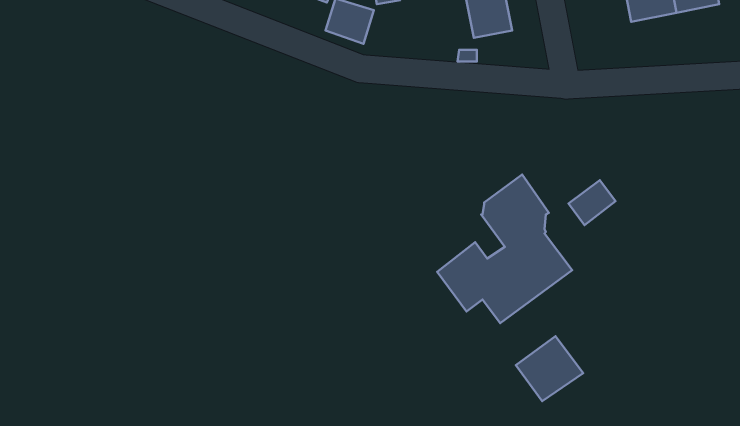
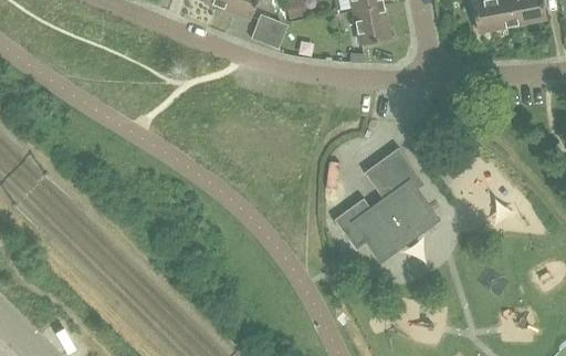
building: [568,180,616,225] -> none
building: [516,336,583,401] -> none

